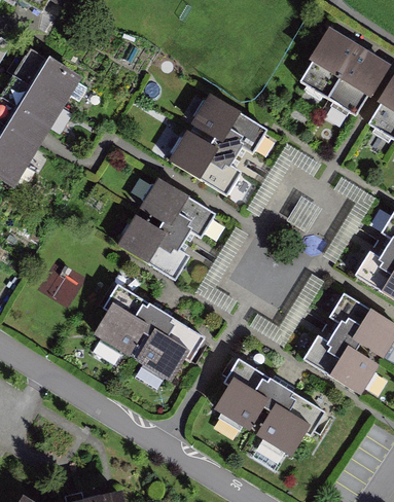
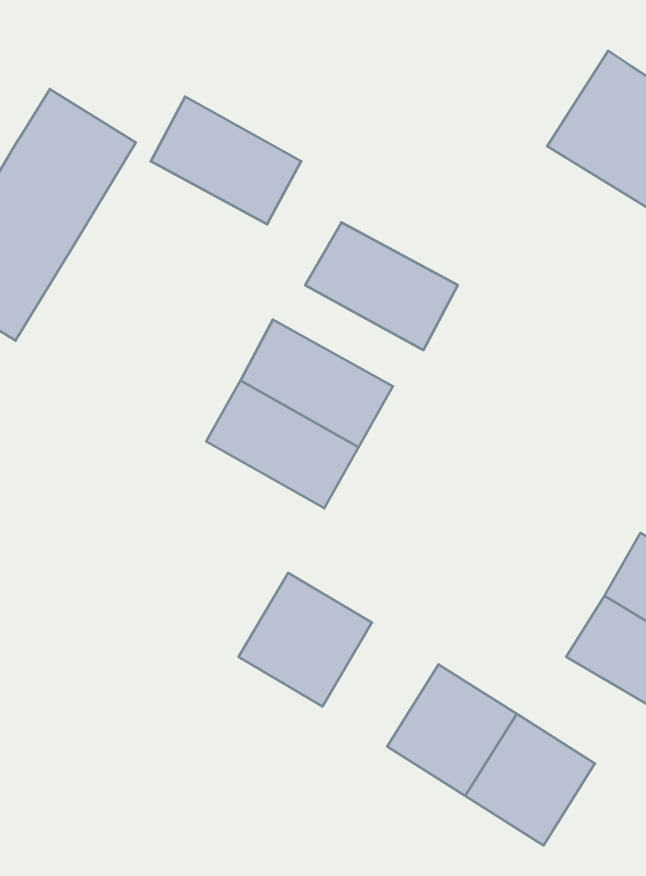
building: [188,89,270,158] -> [151,97,301,224]
building: [88,287,159,359] -> none

